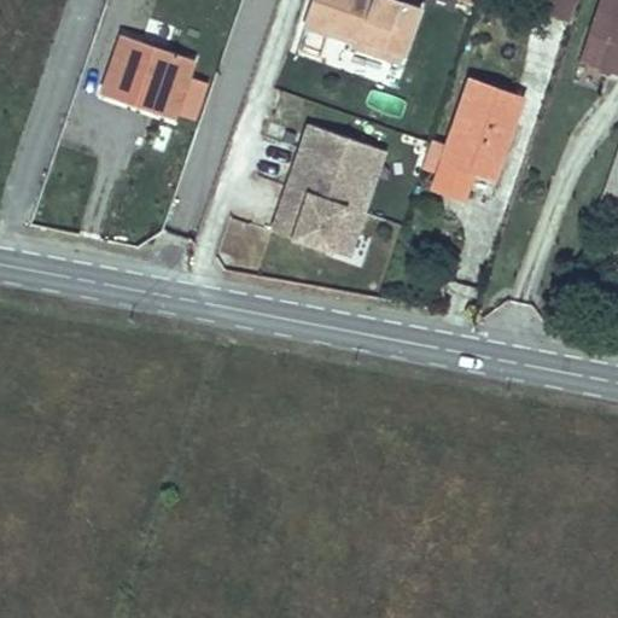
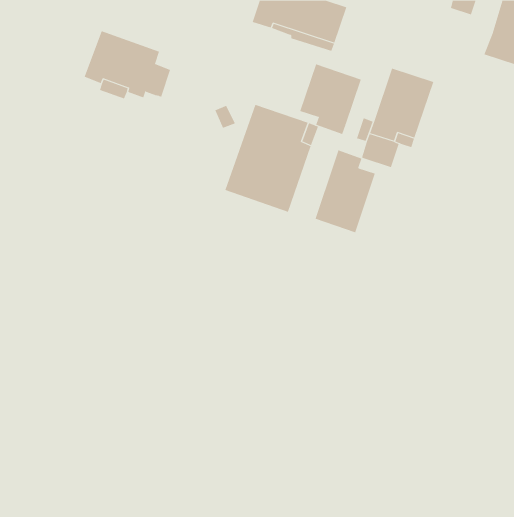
building: none -> [299,63,362,135]
building: none -> [315,150,376,233]

